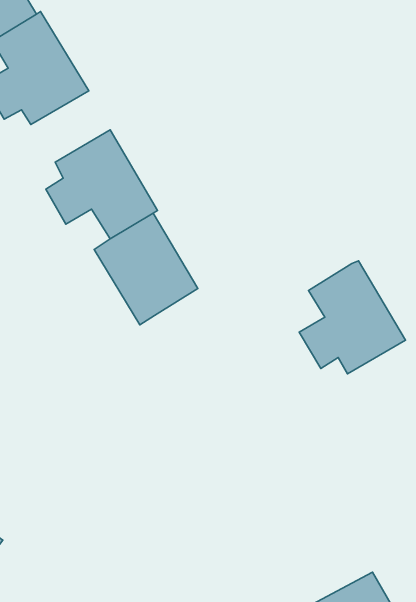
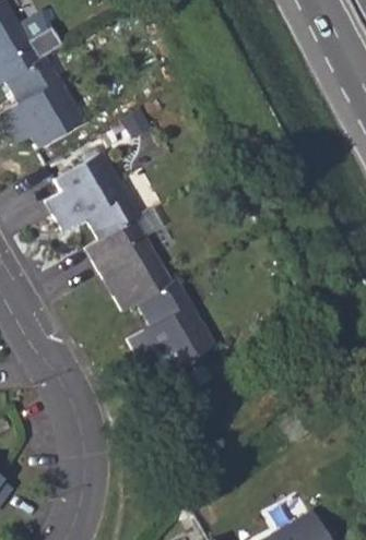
building: [299,261,405,374] -> [128,279,214,371]

